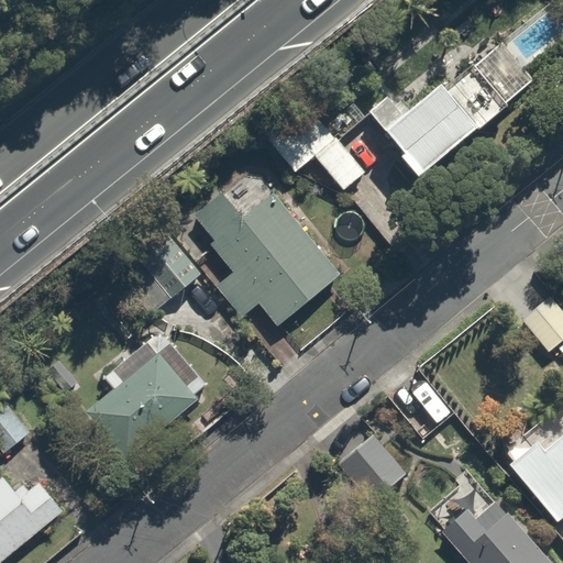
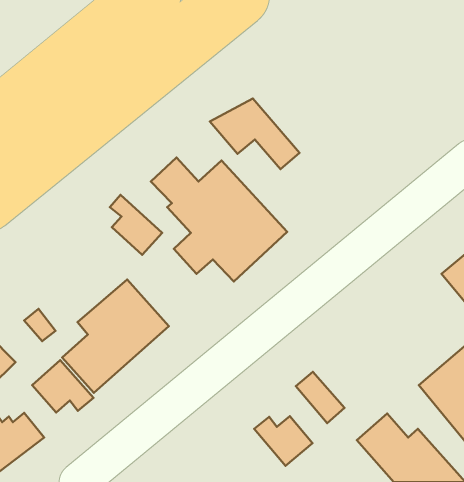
building: [369,46,528,172] -> none
building: none -> [32,360,94,412]
building: none -> [254,416,312,466]

